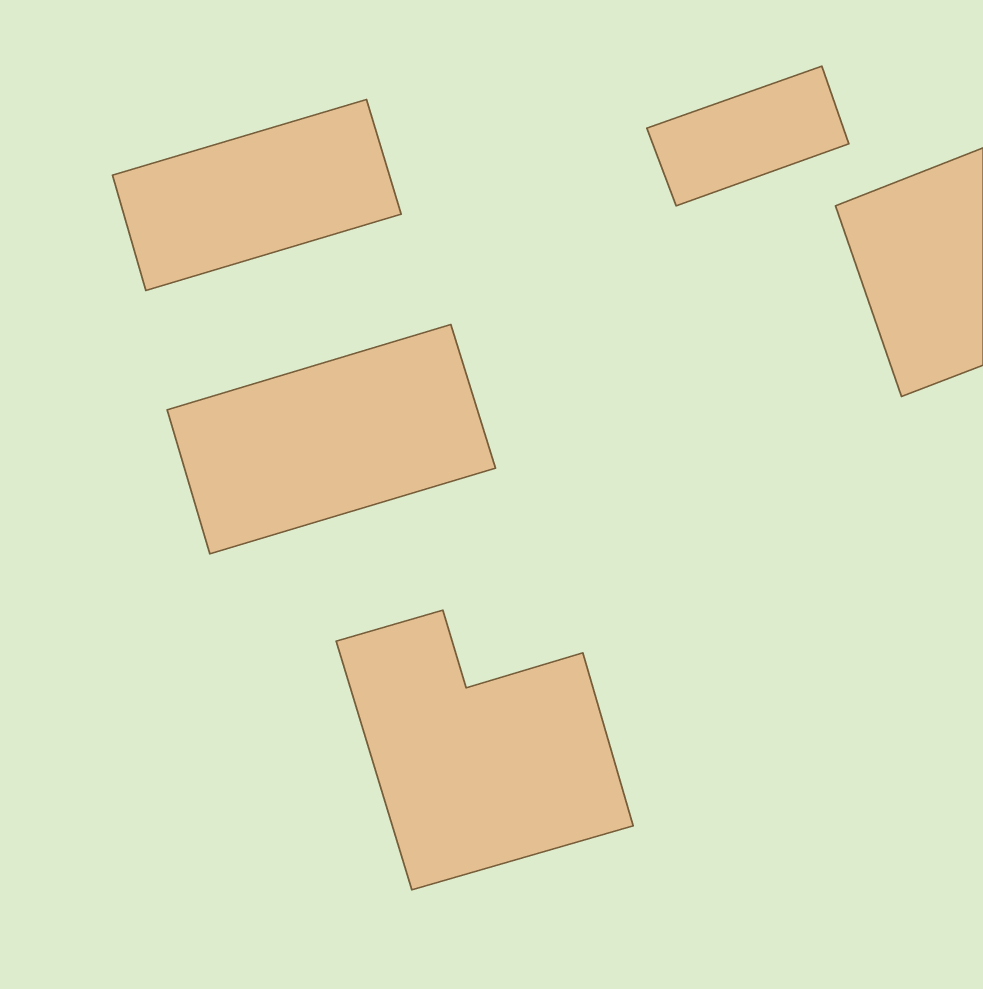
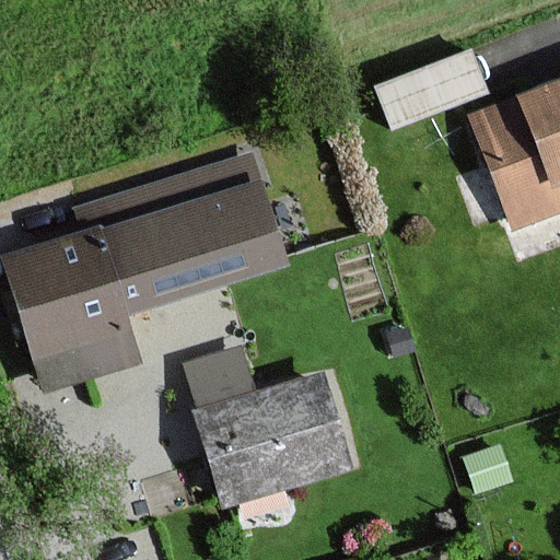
building: [113,100,401,291] -> none
building: none -> [4,233,133,392]

